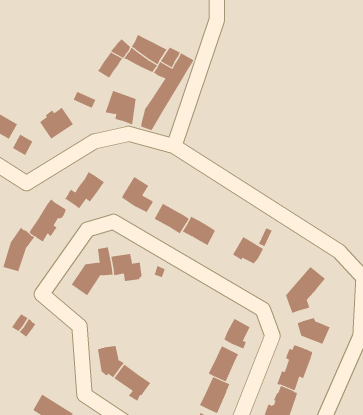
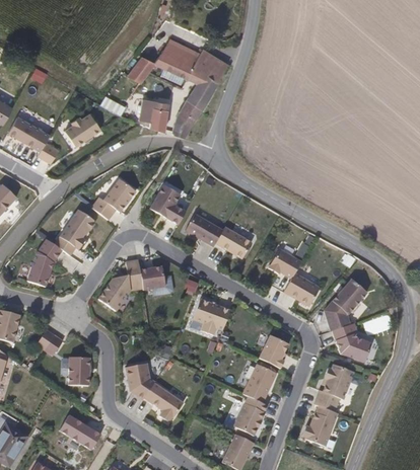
building: none -> [287,272,322,305]
building: none -> [194,299,231,334]
building: none -> [69,356,90,385]

